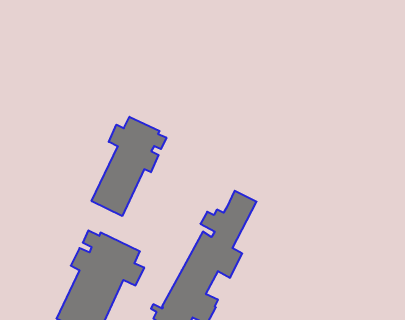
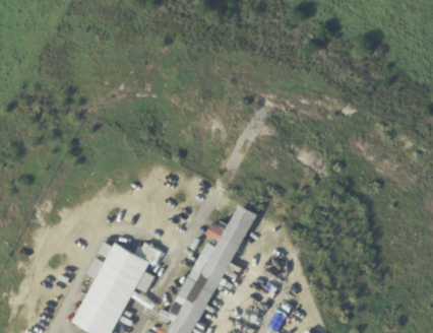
building: [92,117,166,216] -> none

